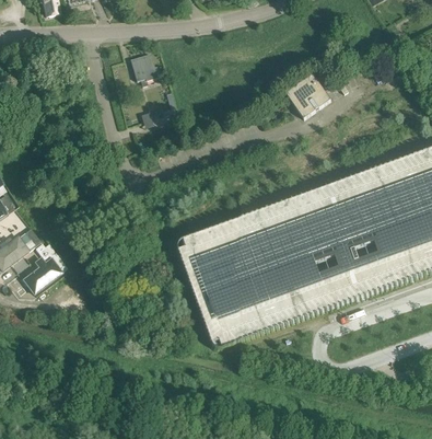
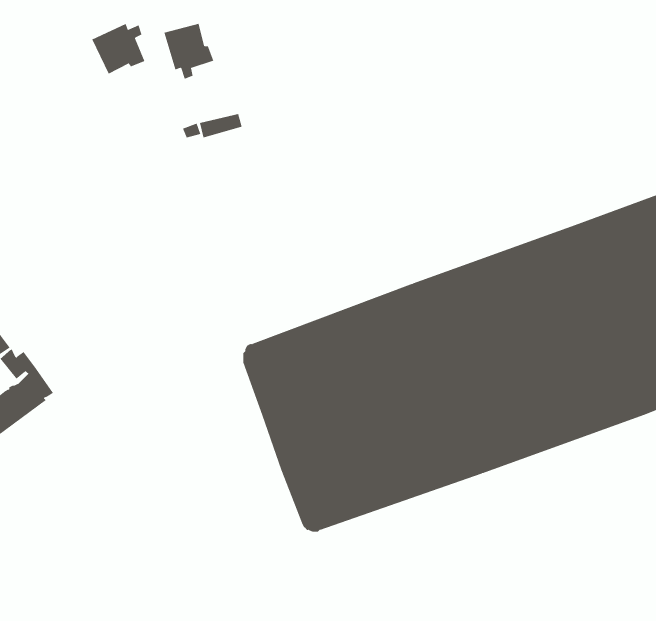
building: none -> [91,23,145,74]
building: [285,73,331,118] -> none

